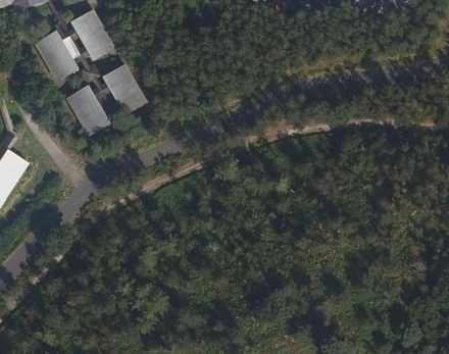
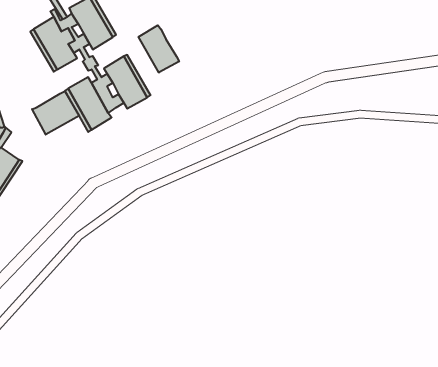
building: none -> [139,25,179,73]
building: none -> [32,91,79,135]

